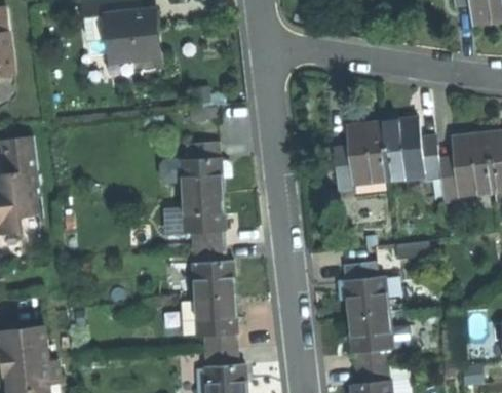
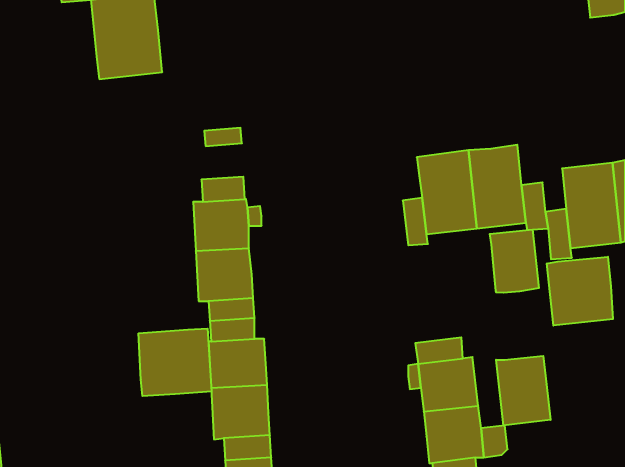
building: none -> [490,230,539,293]
building: none -> [547,257,613,326]
building: none -> [139,329,211,396]
building: none -> [496,356,551,426]

